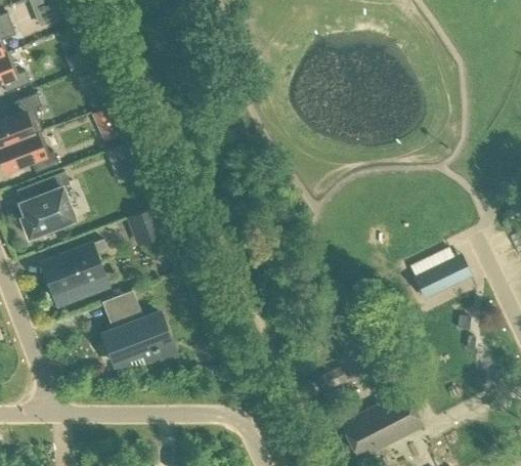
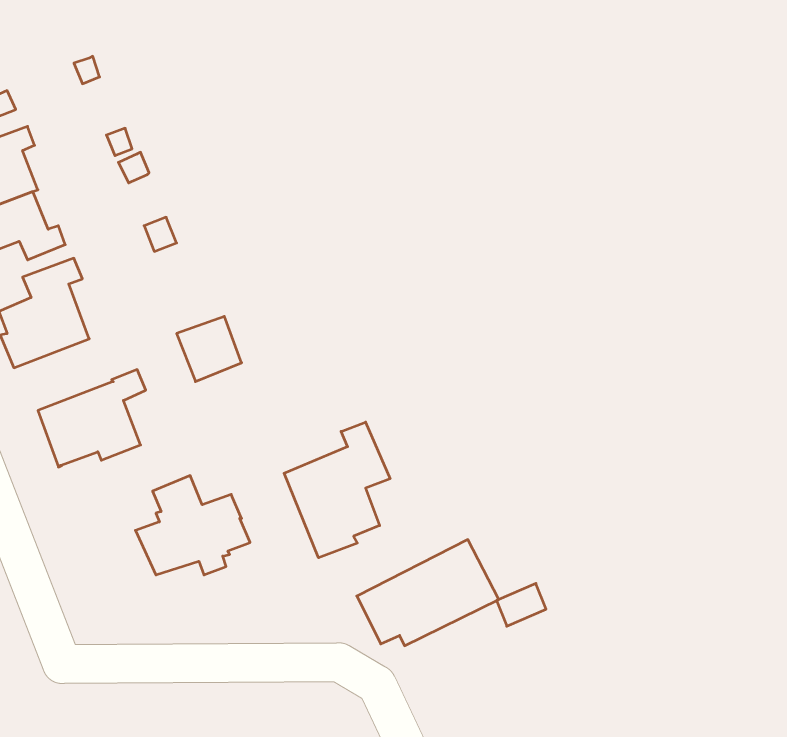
building: [409,249,469,299] -> none
building: none -> [284,422,390,558]
building: [340,390,425,454] -> [357,540,499,646]

